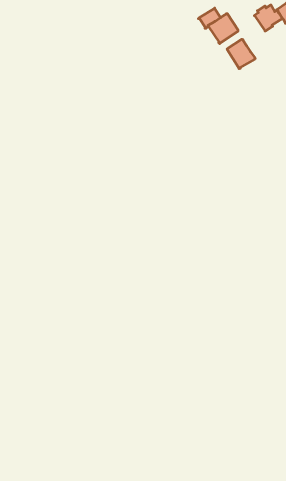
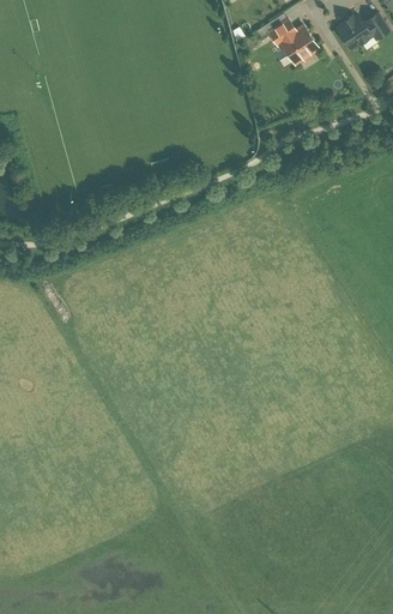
building: [227,39,255,69] -> none

